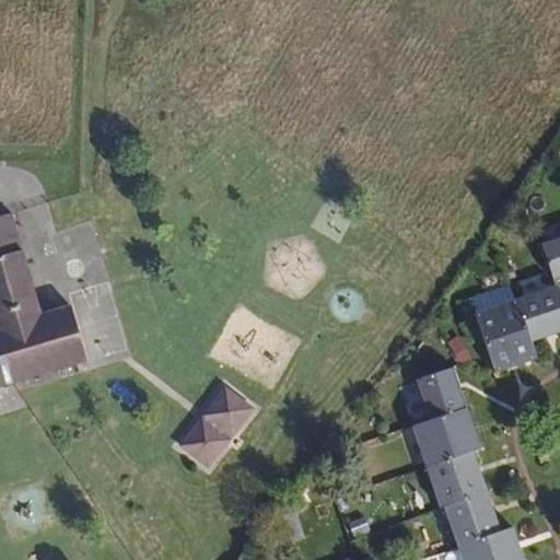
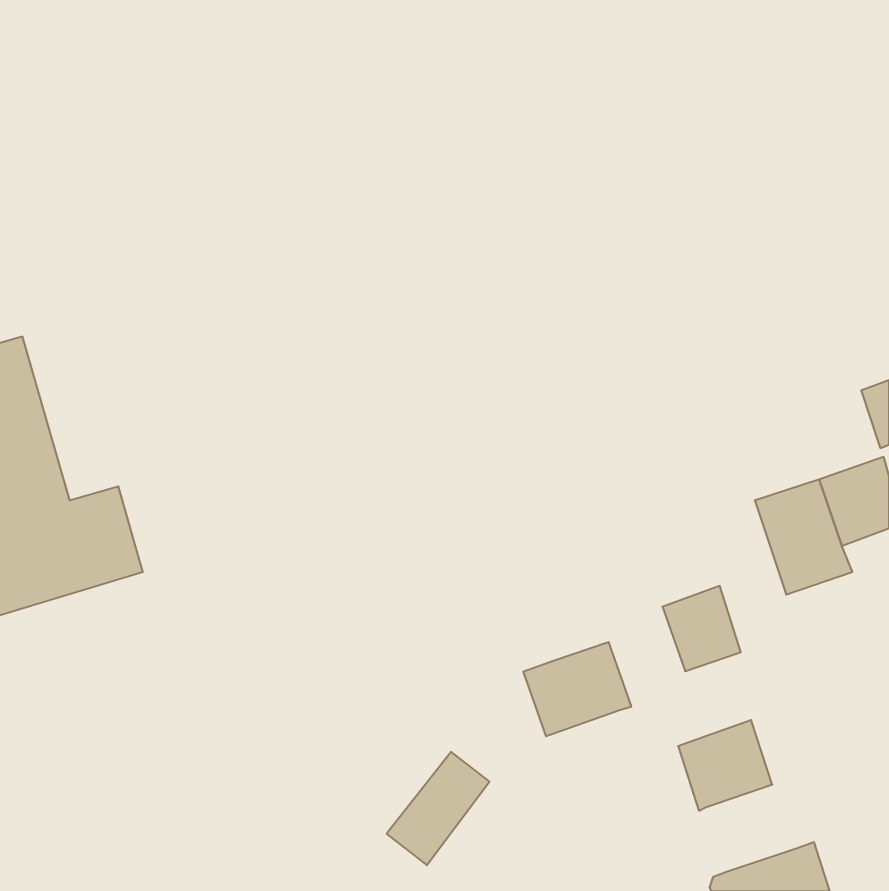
building: [190,389,255,460] -> [387,752,489,865]
building: [411,409,479,468] -> [523,642,631,736]
building: [443,492,499,547] -> none

